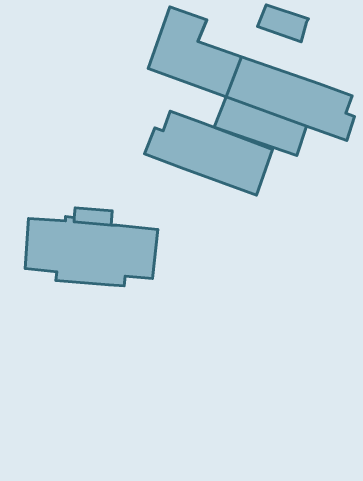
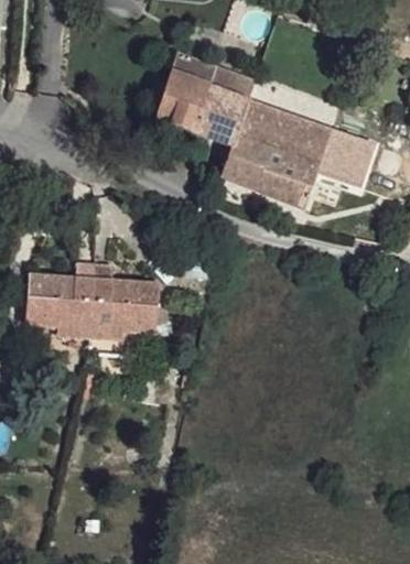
building: [258,5,309,42] -> [204,69,256,107]
building: [145,111,272,195] -> none

